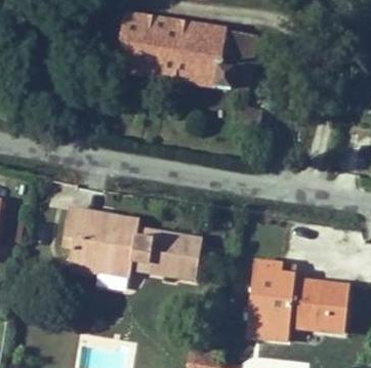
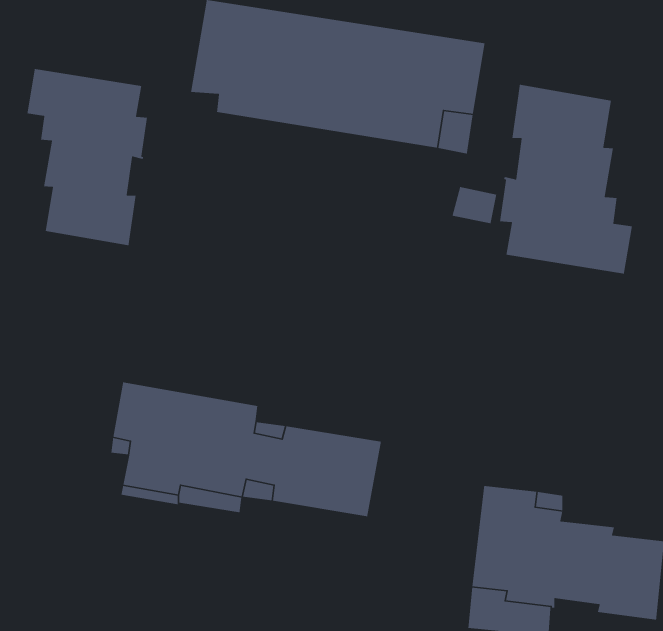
building: none -> [26,68,148,246]
building: none -> [499,84,633,275]

